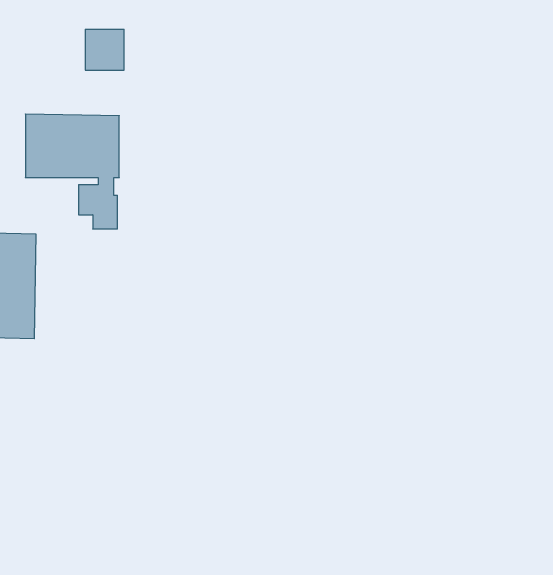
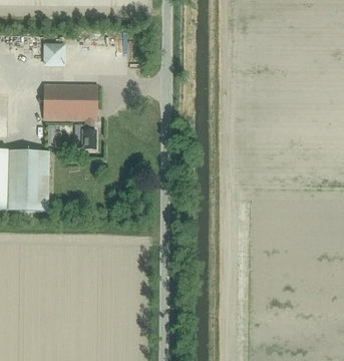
building: [85,29,124,70] -> [42,41,64,64]

